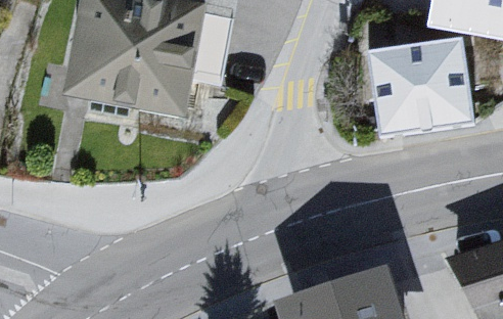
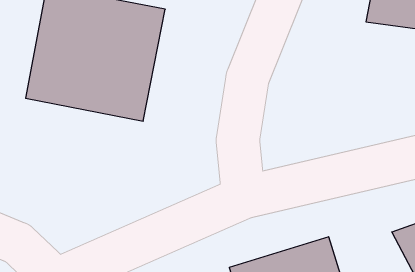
building: [372,37,473,131] -> none

